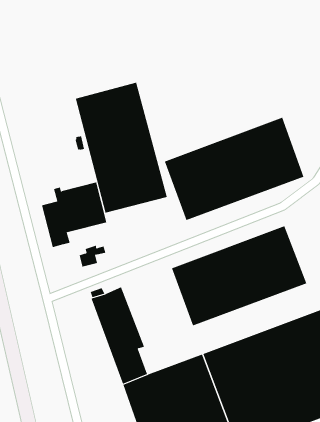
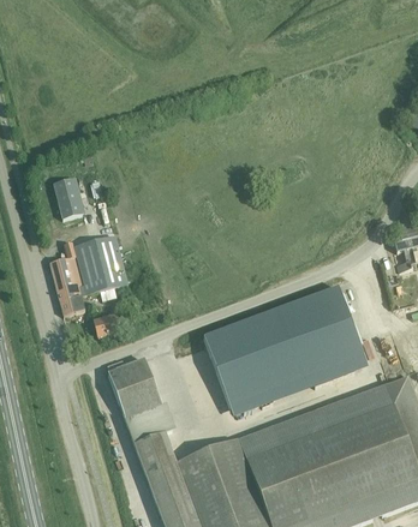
building: [75,82,167,213] -> none
building: [164,117,304,221] -> none
building: none -> [54,179,84,221]

